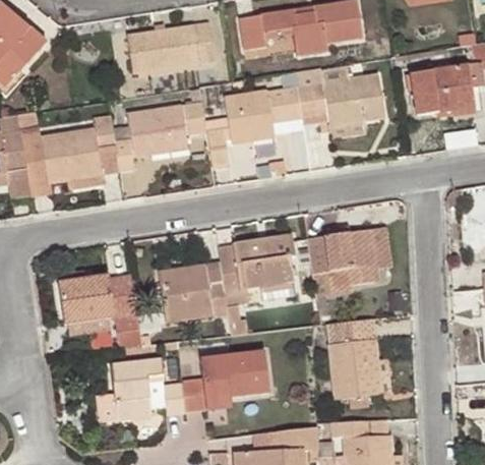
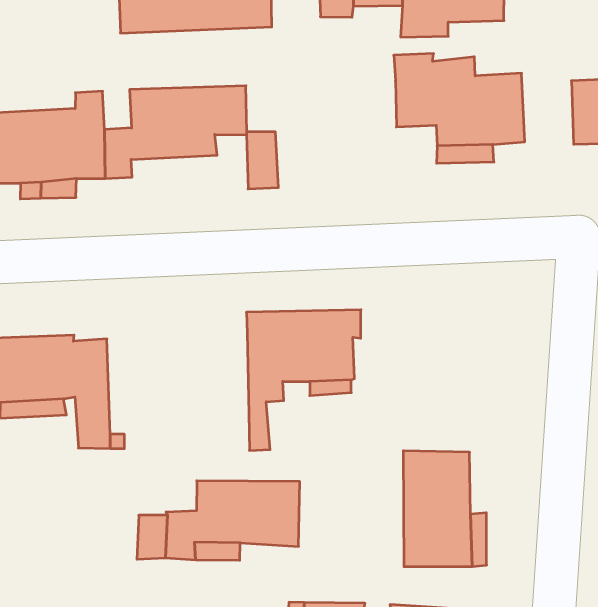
building: [223,86,300,141] -> none
building: [307,229,377,284] -> none
building: [158,259,227,321] -> none
building: [112,357,165,419] -> none

